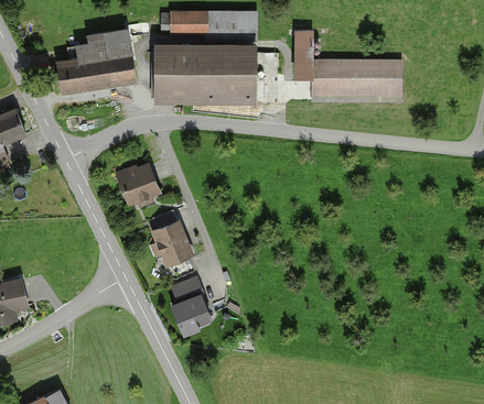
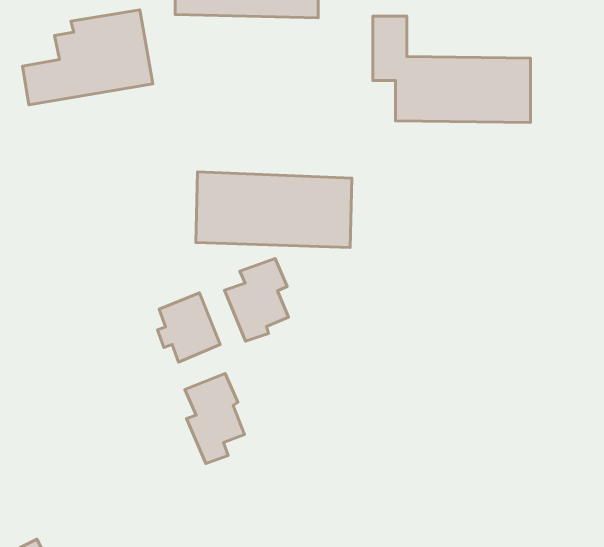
building: [155,50,262,101] -> [196,172,352,247]
building: [110,161,159,208] -> none
building: none -> [225,259,289,341]

